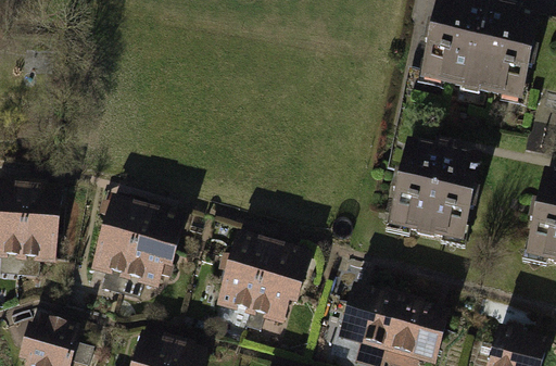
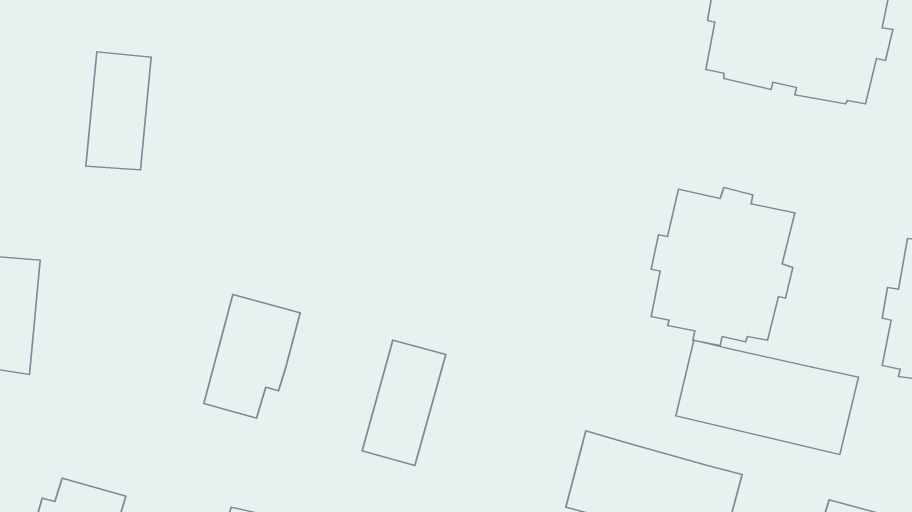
building: [20,189,59,260] -> [86,52,151,170]
building: [93,202,141,275] -> none
building: none -> [676,340,859,454]
building: [250,245,304,320] -> none

